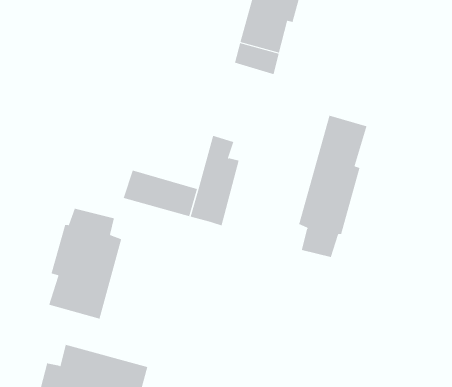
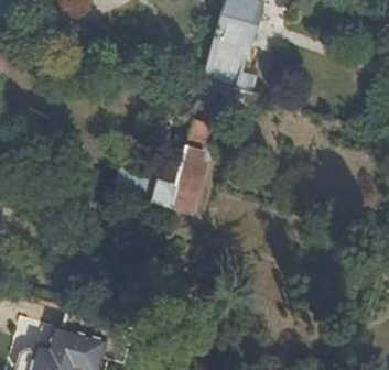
building: [299,115,367,258] -> none
building: [49,208,122,319] -> none

